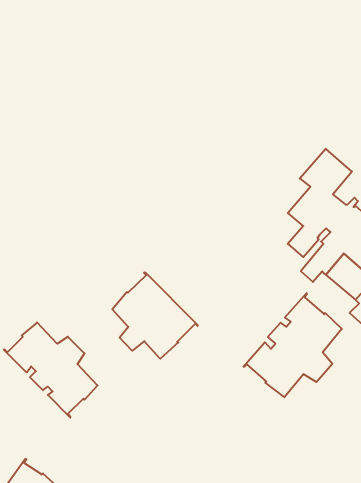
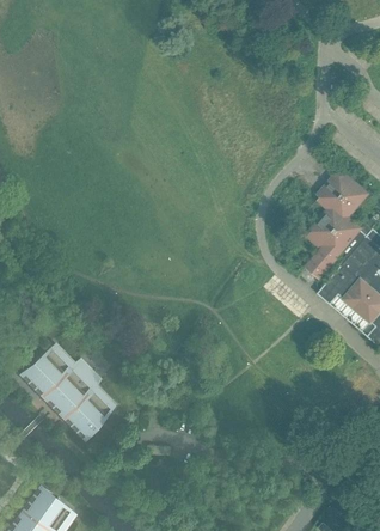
building: [112,272,198,359] -> none
building: [243,293,342,397] -> none

